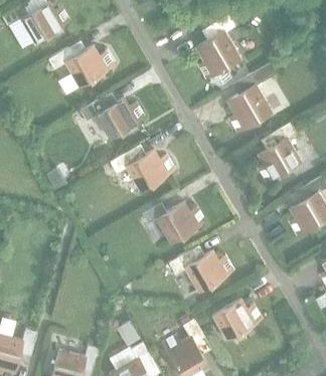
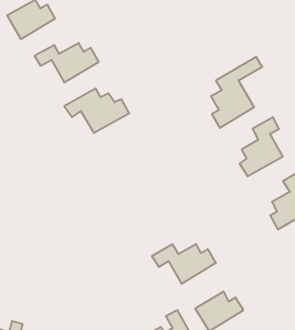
building: [196,16,240,86] -> none
building: [109,151,174,191] -> none
building: [141,203,204,243] -> none

